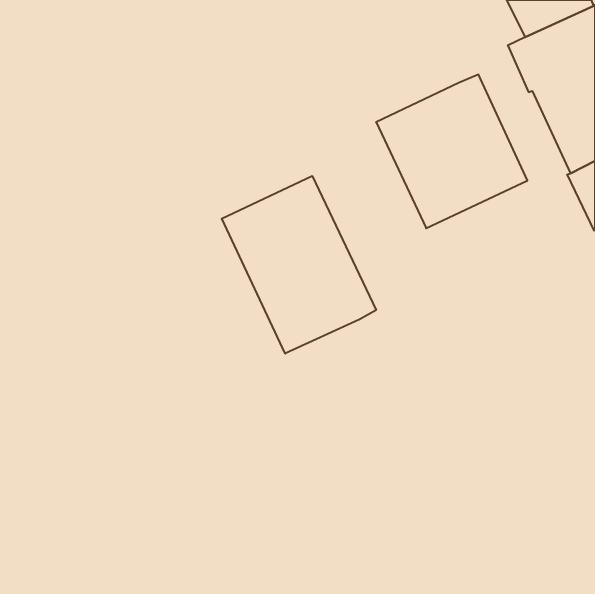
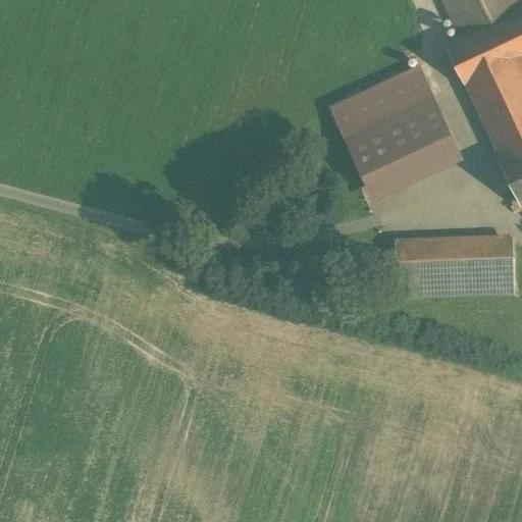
building: [222,176,376,354] -> none
building: none -> [395,238,514,298]

